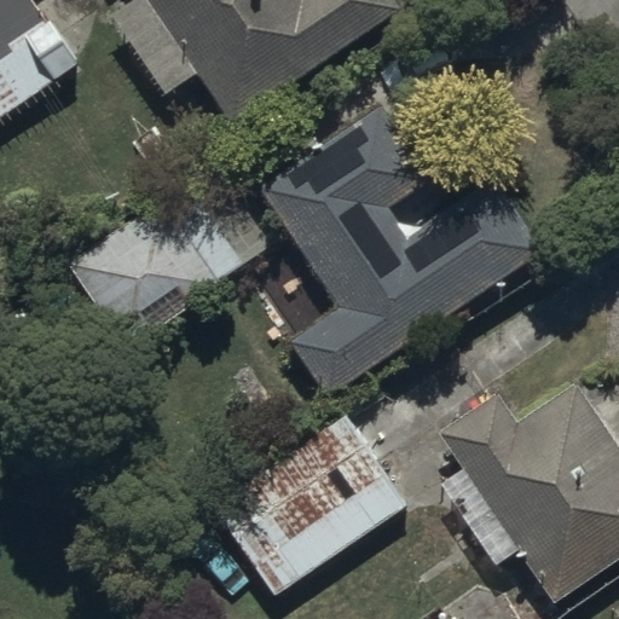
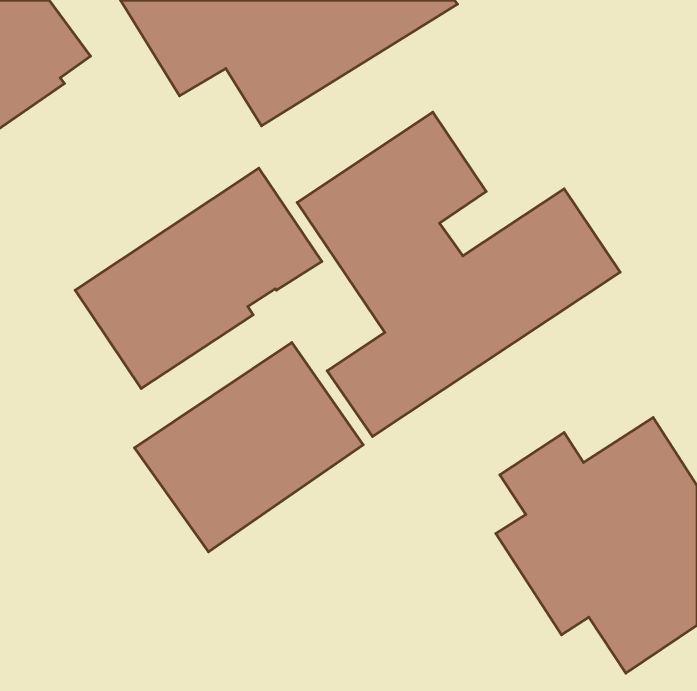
building: [208,410,410,595] -> [134,342,363,552]

